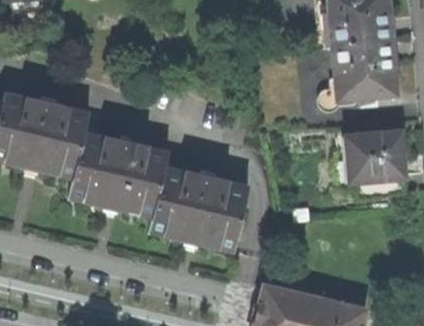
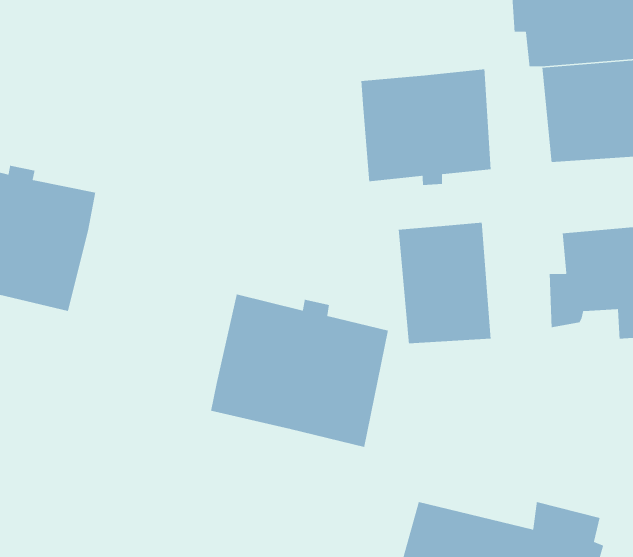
building: none -> [361,68,492,186]
building: none -> [398,222,492,344]
building: [68,134,167,218] -> none

